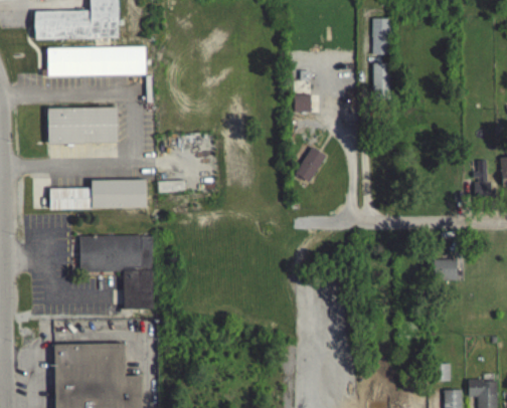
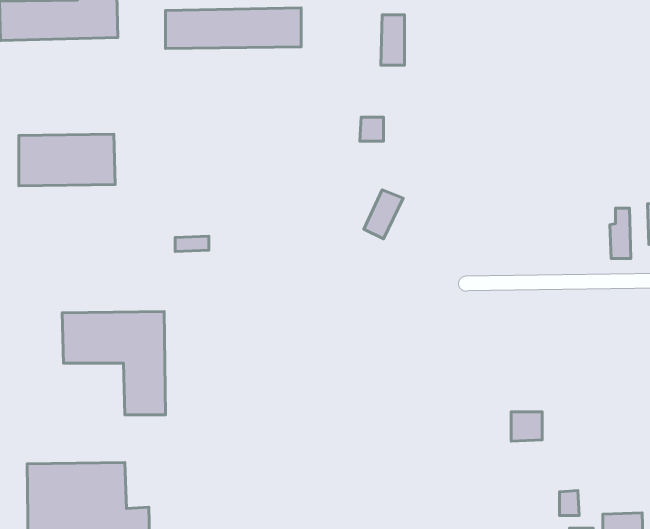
building: [372,18,389,54] -> [381,15,405,65]
building: [48,46,146,75] -> [166,8,301,48]
building: [373,62,392,98] -> none
building: [50,179,147,209] -> none
building: [435,259,457,280] -> [511,412,542,441]

